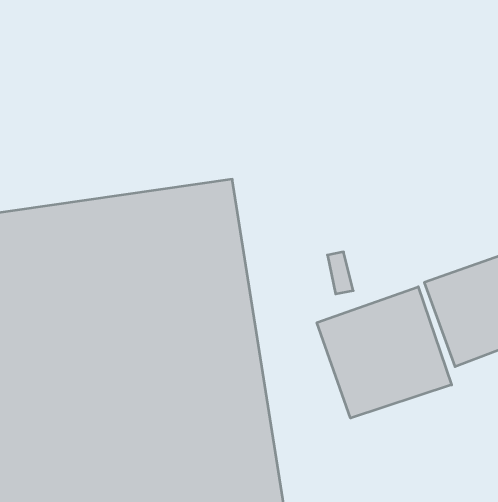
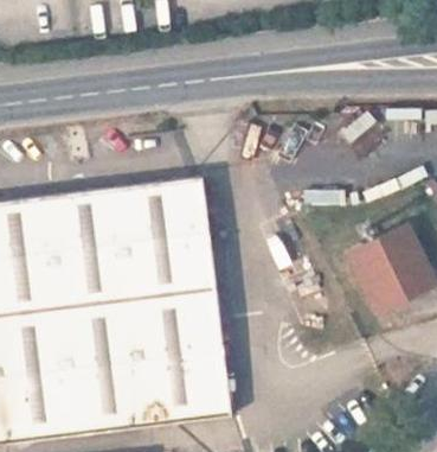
building: [317,287,452,418] -> none

